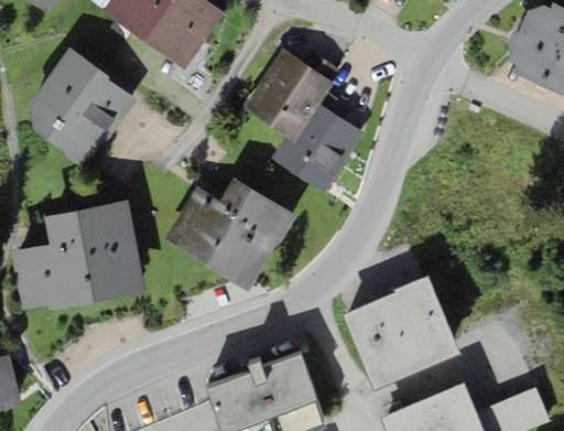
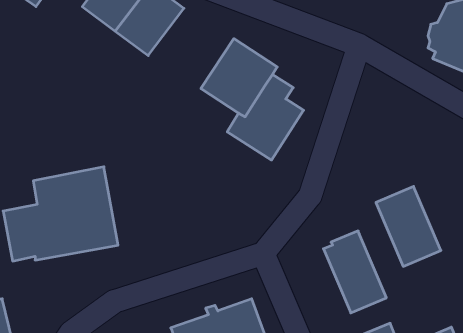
building: [29,49,138,168] -> none
building: [165,179,295,291] -> none
building: [341,295,417,389] -> [376,186,441,266]

